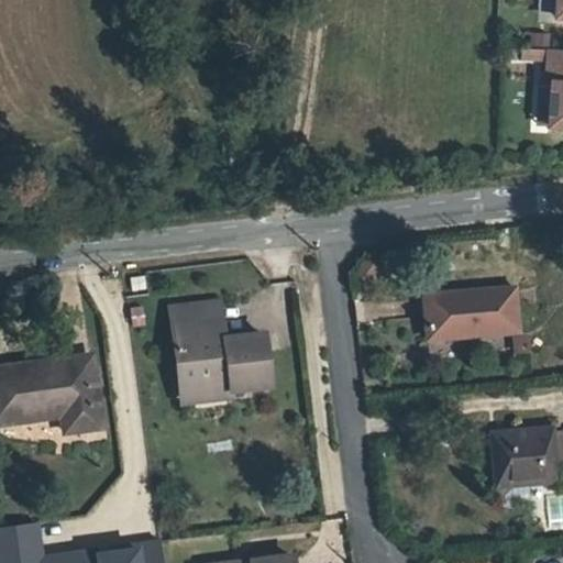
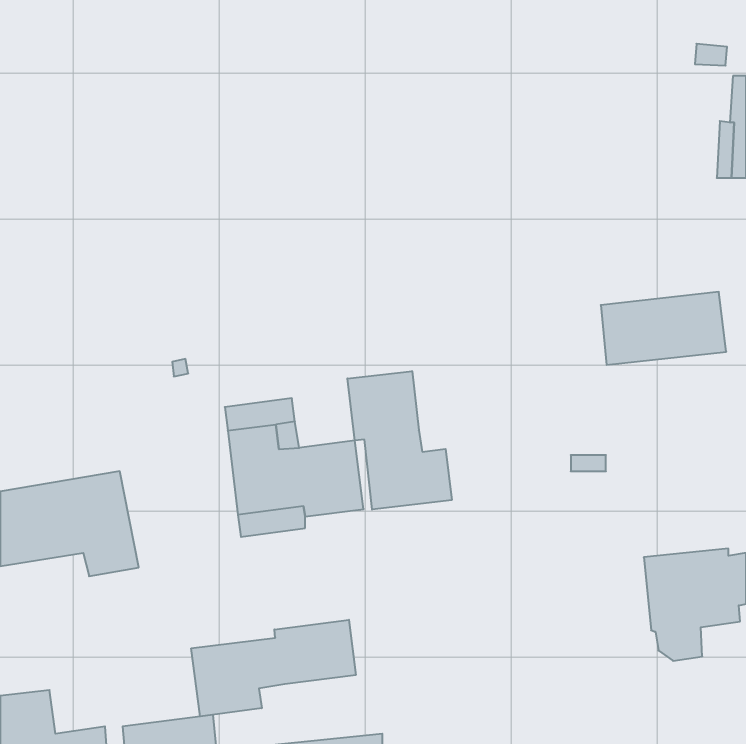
building: none -> [347,371,452,510]
building: [427,285,521,340] -> [601,292,726,365]
building: none -> [191,620,356,716]

